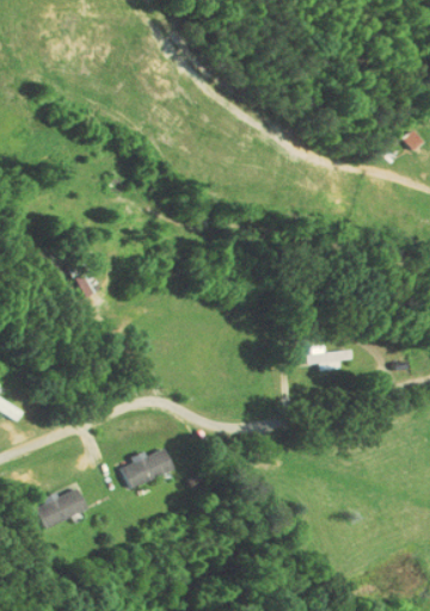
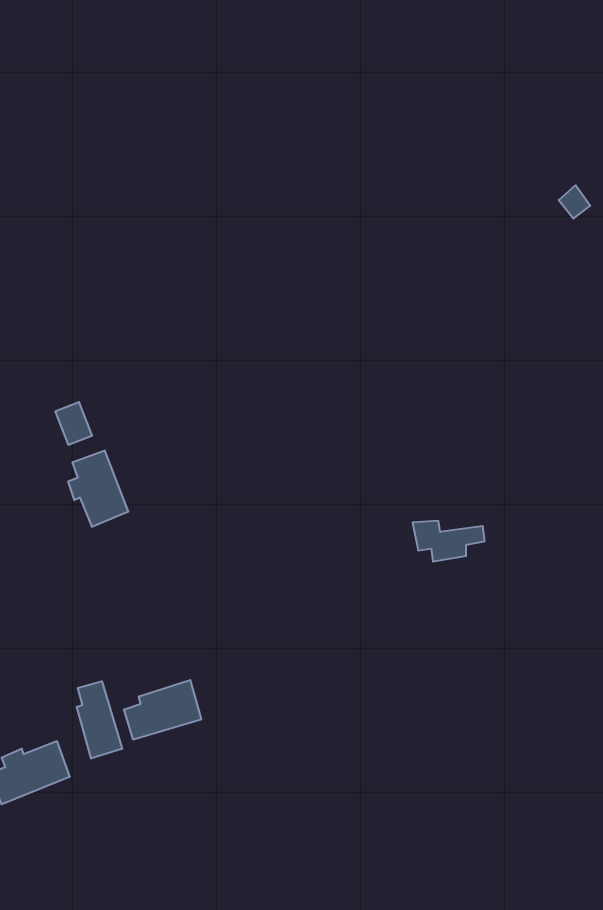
building: none -> [68,450,128,527]
building: none -> [77,681,122,759]

